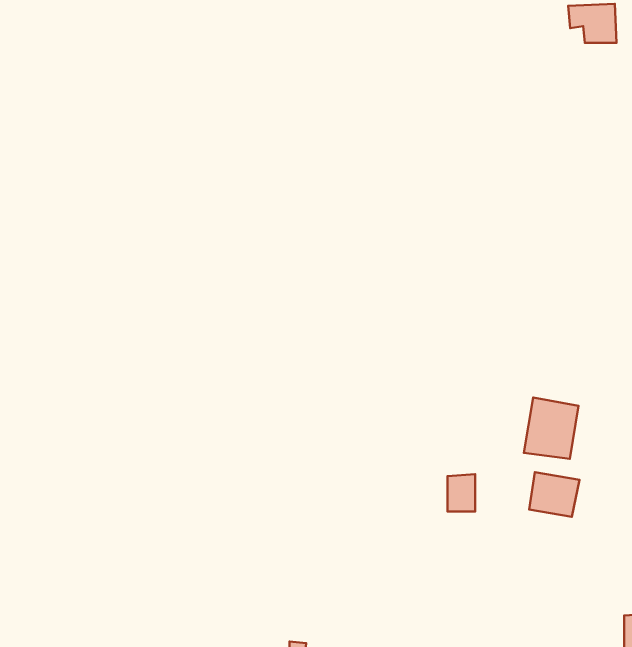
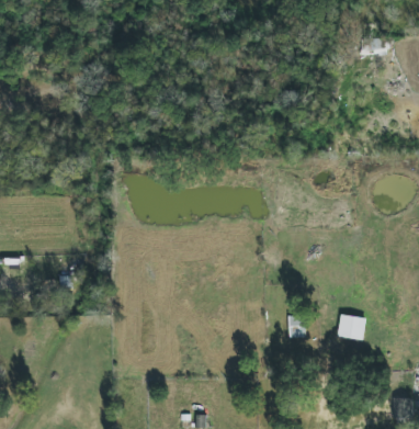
building: [524,398,578,459] -> none

